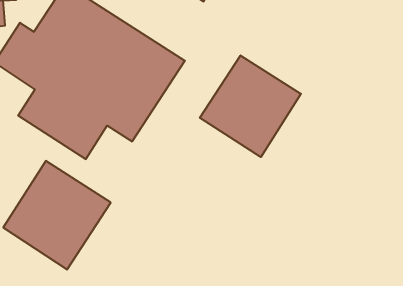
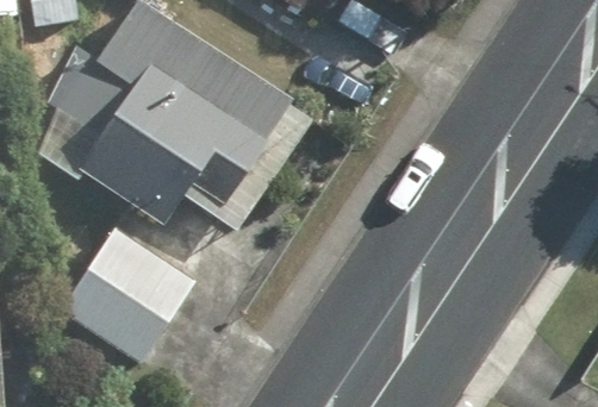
building: [200,55,301,157] -> none

